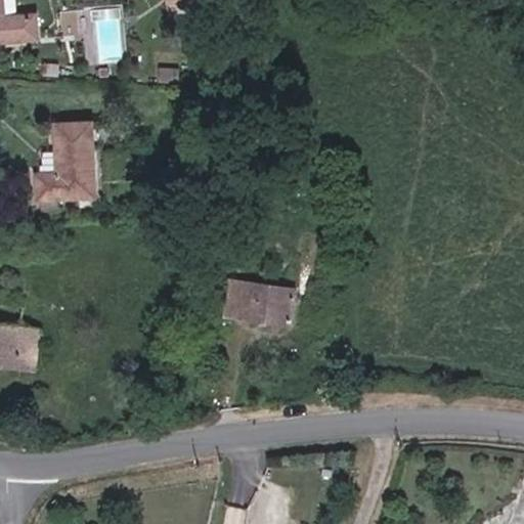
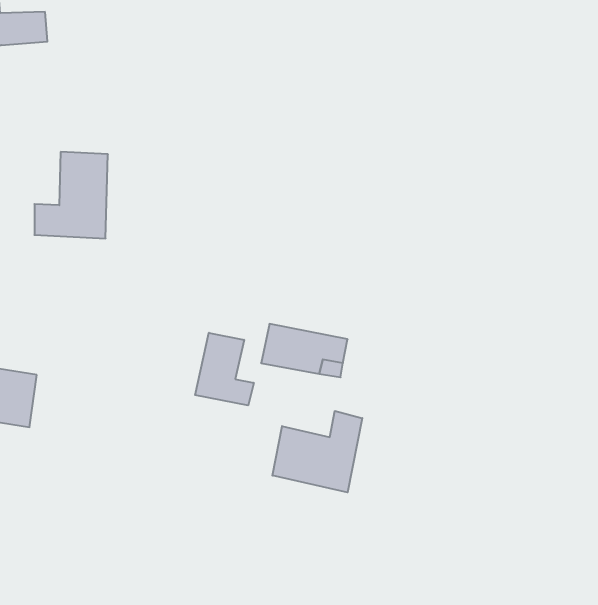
building: none -> [195,333,254,405]
building: none -> [272,411,362,492]

